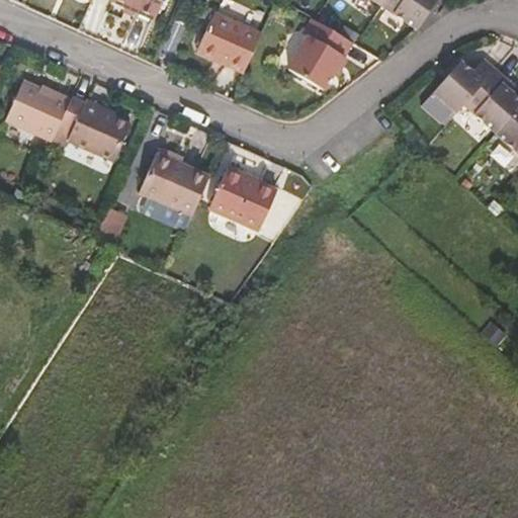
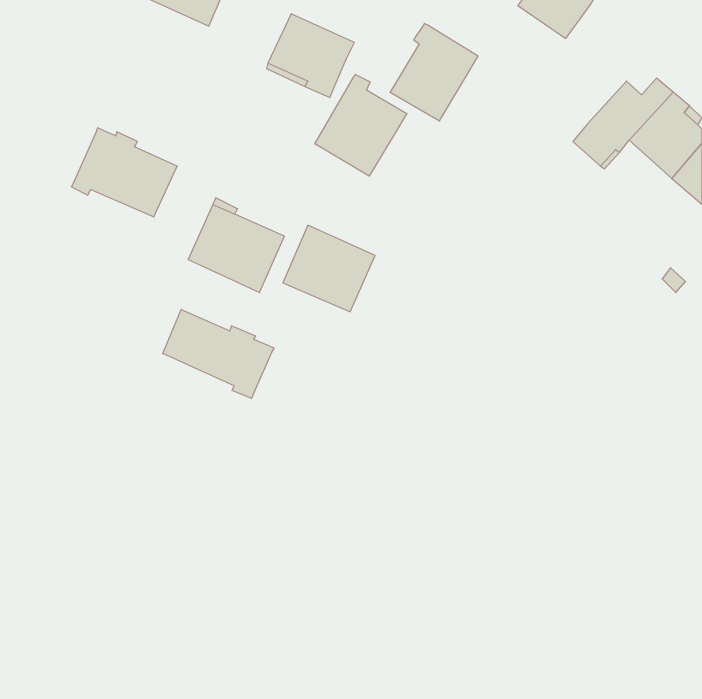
building: none -> [315,74,407,176]
building: [5,78,71,140] -> none
building: none -> [163,309,274,398]

